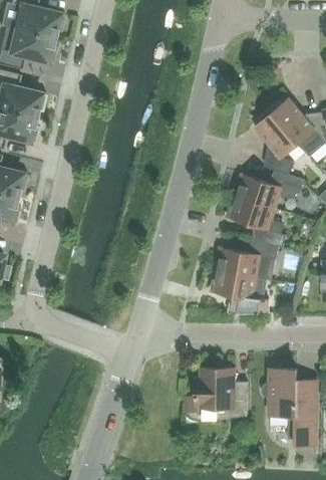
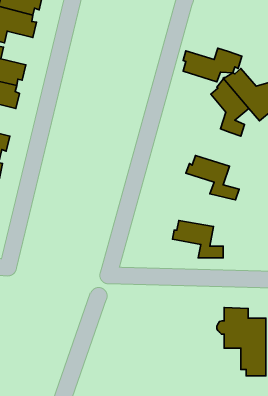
building: [238,171,304,209] -> [183,48,242,82]
building: [218,240,279,277] -> none
building: [196,369,248,418] -> none

